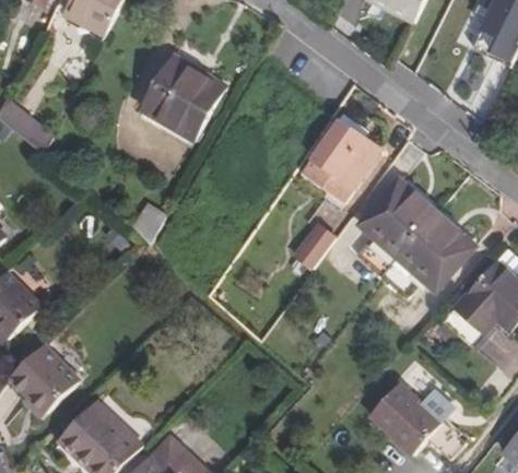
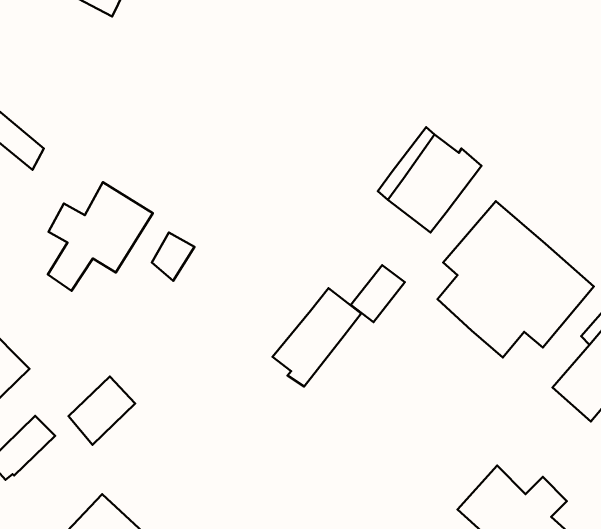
building: [142,55,224,139] -> none
building: none -> [48,182,153,291]
building: none -> [273,288,361,386]
building: [28,357,80,410] -> [68,376,135,445]

